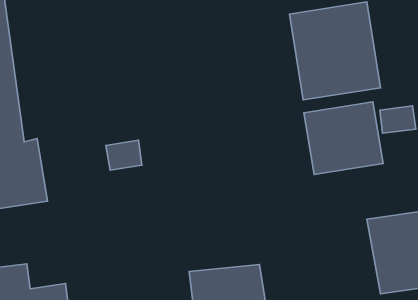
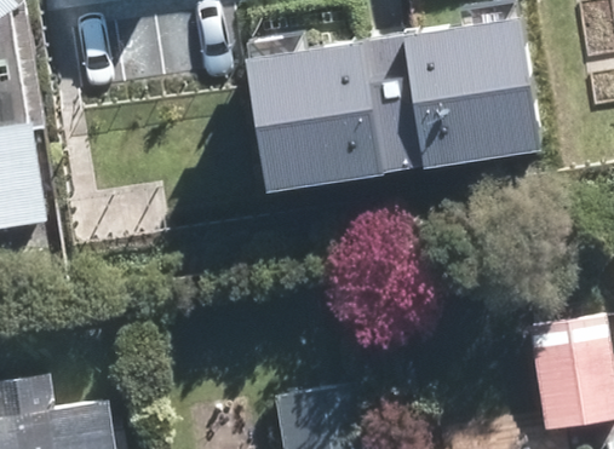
building: none -> [247,38,403,191]
building: [304,102,383,175] -> none

